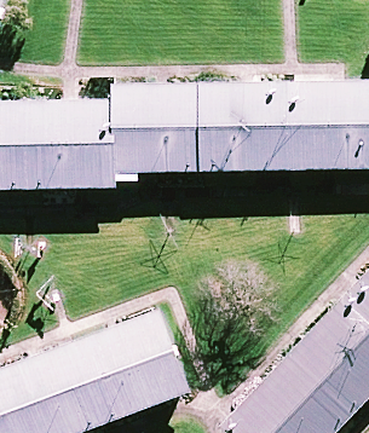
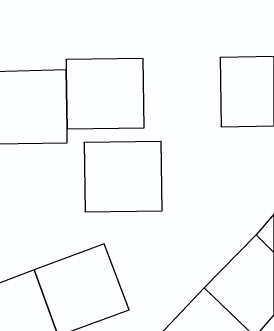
building: [207,86,301,171] -> [84,142,162,212]

